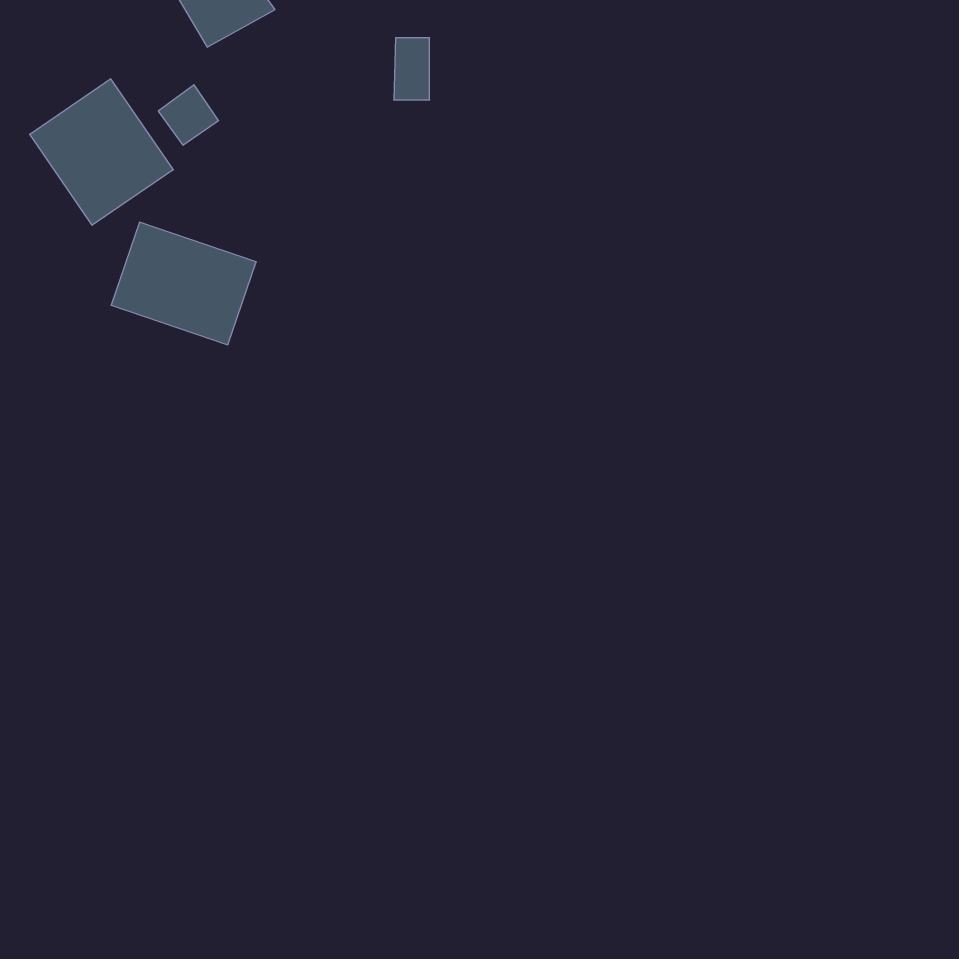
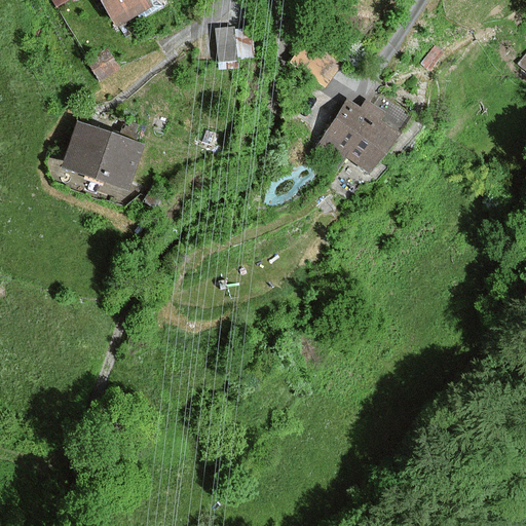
building: [30,79,173,225] -> none
building: none -> [315,99,398,172]

